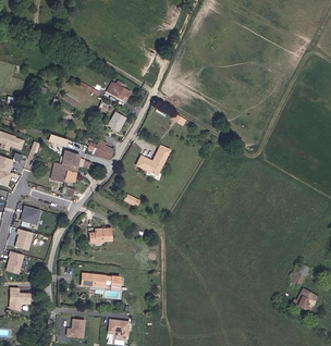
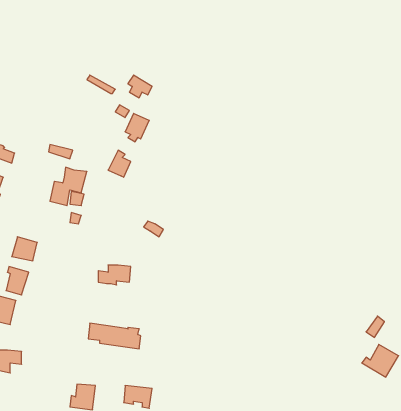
building: [135,146,169,174] -> none

